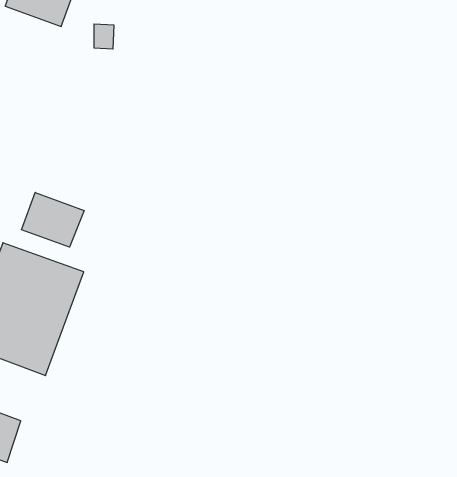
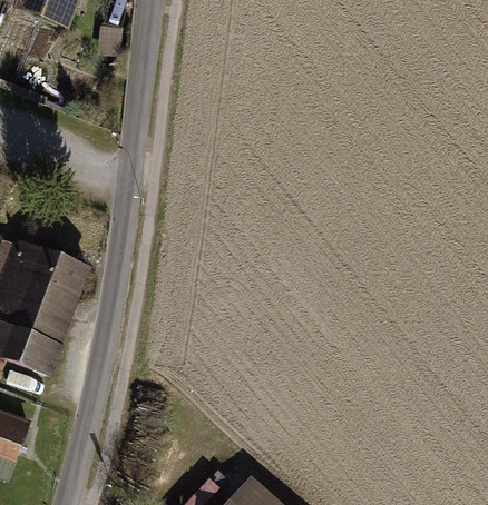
building: [21,192,84,247] -> none

